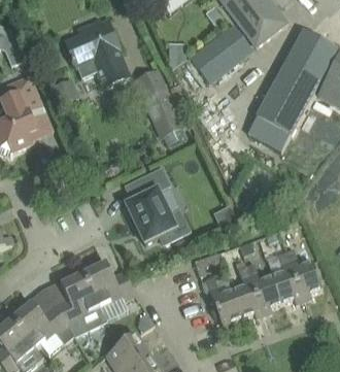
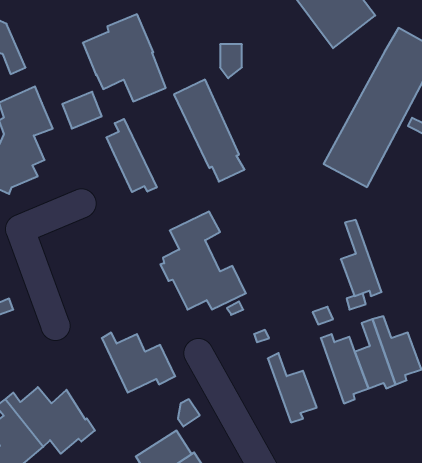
building: [191,24,252,80] -> none
building: none -> [106,119,157,192]
building: [233,260,264,317] -> [341,220,382,296]
building: [54,265,106,335] -> none

